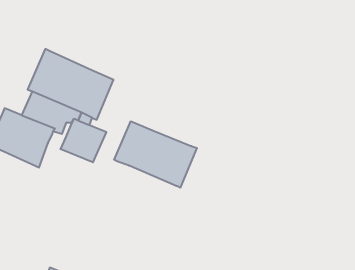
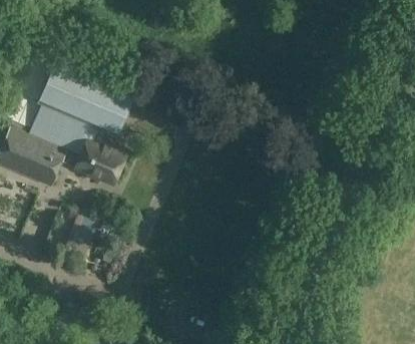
building: [114,121,197,188] -> none

